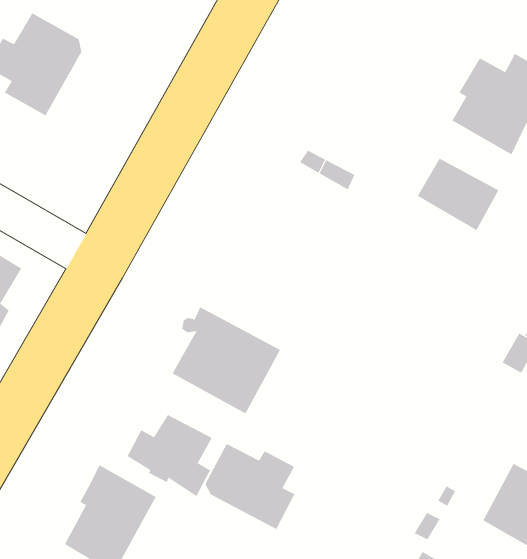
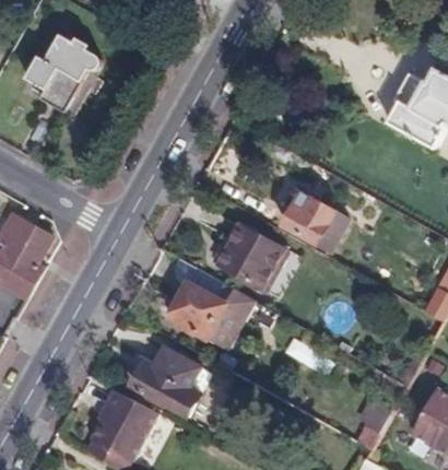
building: [417,158,499,231] -> [285,193,350,250]
building: none -> [211,222,299,296]
building: [205,443,295,530] -> none

